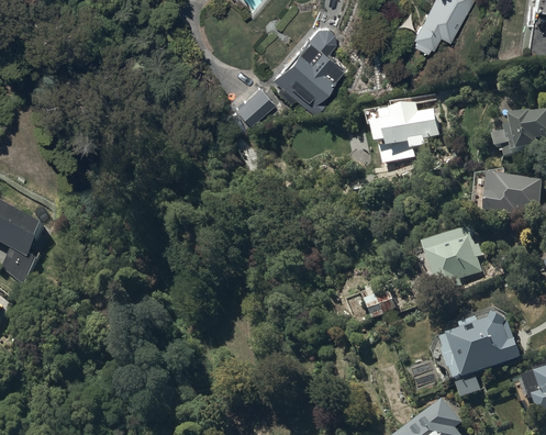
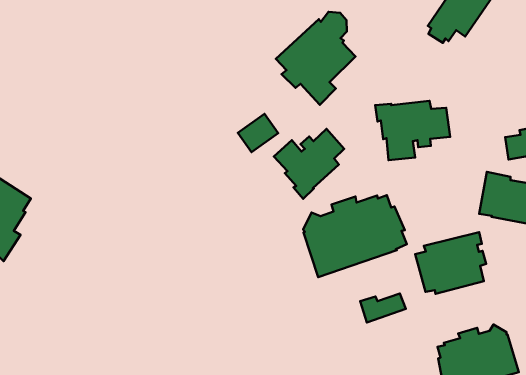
building: [235,86,274,123] -> [238,114,278,152]
building: none -> [274,129,344,199]
building: none -> [303,195,407,277]

